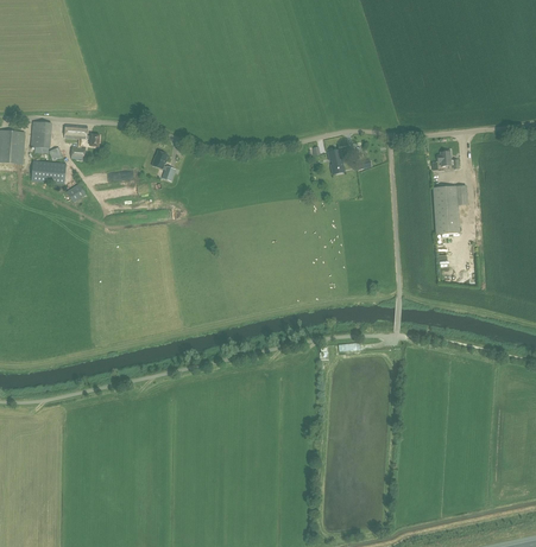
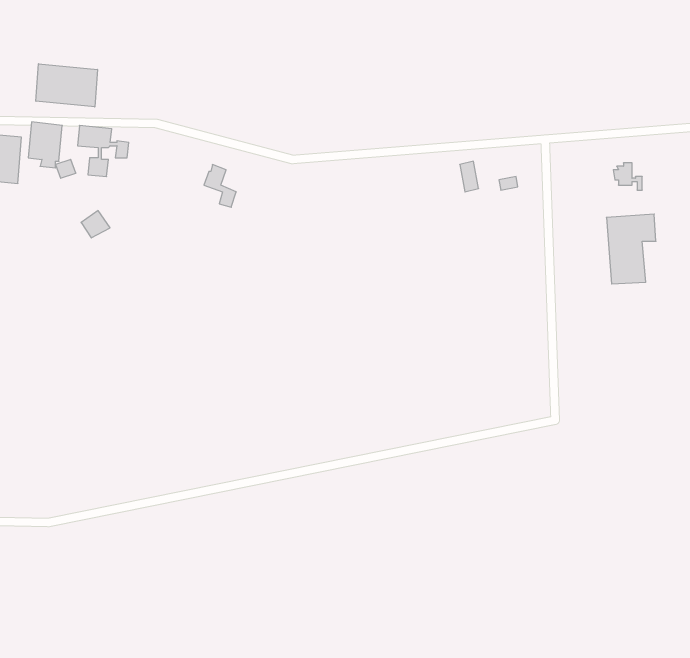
building: none -> [36,64,97,107]
building: [32,160,65,184] -> none

